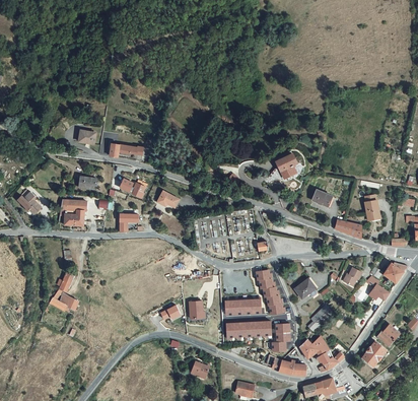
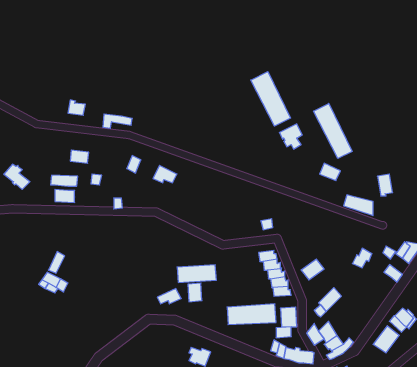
building: none -> [251,72,290,126]
building: none -> [314,103,352,158]
building: [224,298,261,315] -> [177,265,216,282]

